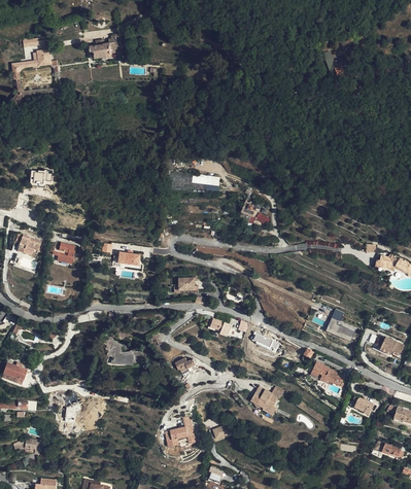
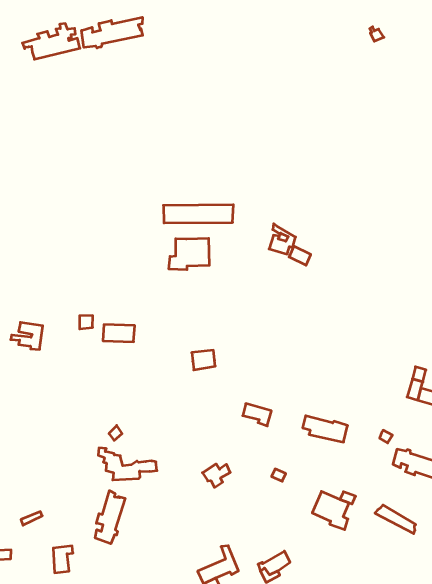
building: none -> [82,17,143,48]
building: none -> [169,238,209,270]
building: none -> [95,491,125,544]

